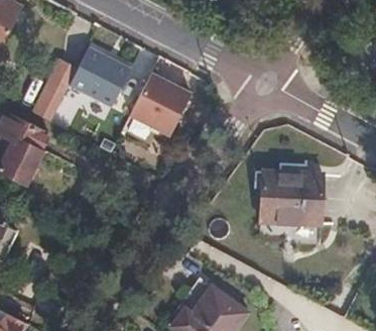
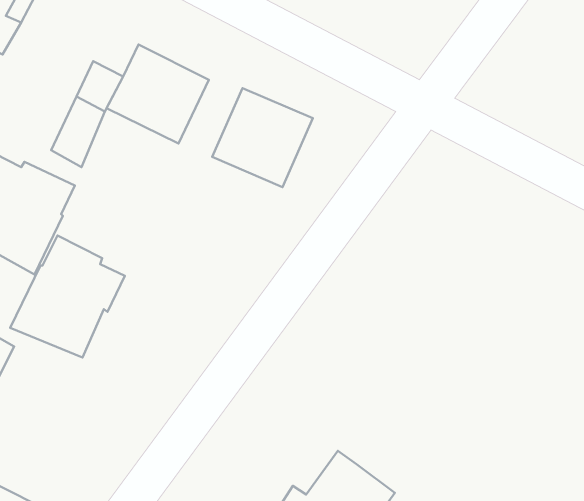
building: none -> [10,235,125,357]
building: [259,171,324,224] -> none

